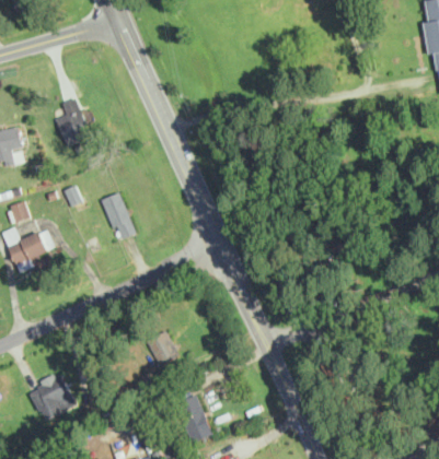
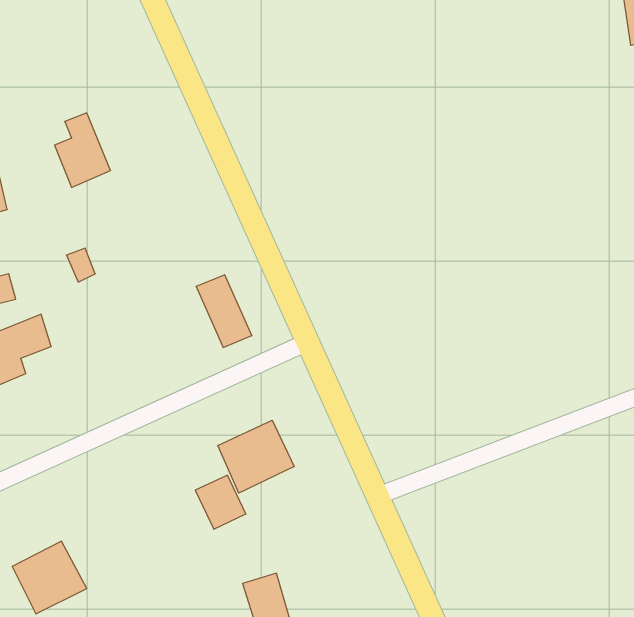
building: [101,193,137,240] -> [196,275,252,347]
building: none -> [218,420,294,493]

